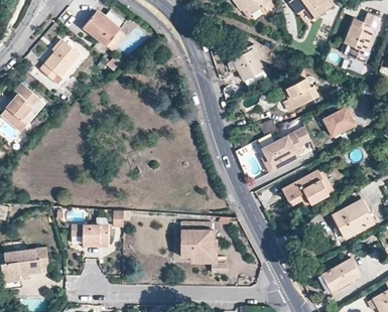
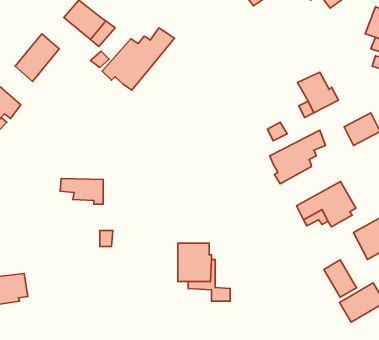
building: none -> [102,28,175,90]
building: [235,50,266,83] -> none
building: [71,225,108,248] -> [60,178,103,204]
building: none -> [324,260,357,297]

